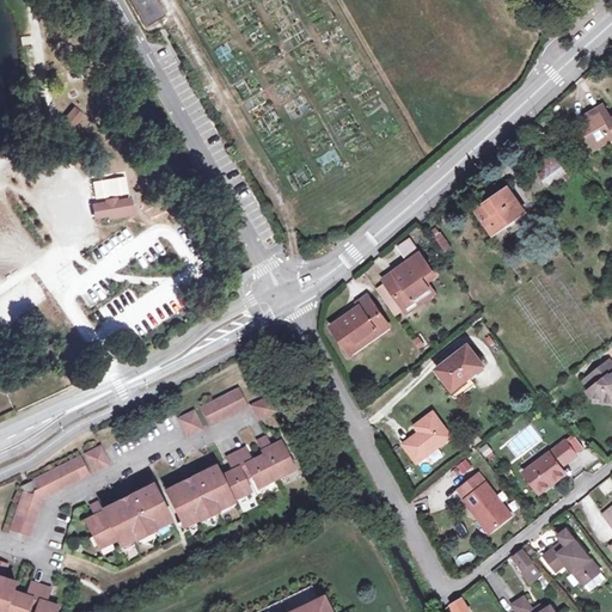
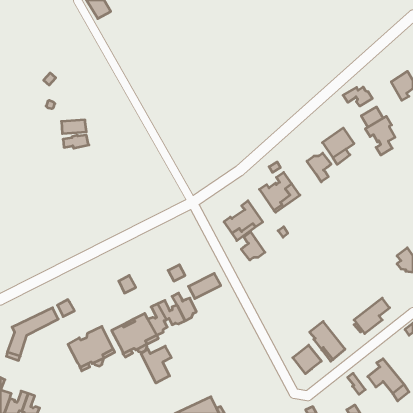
building: none -> [343,87,372,106]
building: none -> [365,116,395,155]
building: none -> [307,153,331,182]
building: none -> [241,232,265,260]
building: [437,347,483,391] -> none
building: [198,385,246,422] -> [188,273,221,299]
building: [403,414,451,464] -> none
building: [85,500,115,543] -> none
building: none -> [293,345,321,374]
building: none -> [141,346,171,383]

